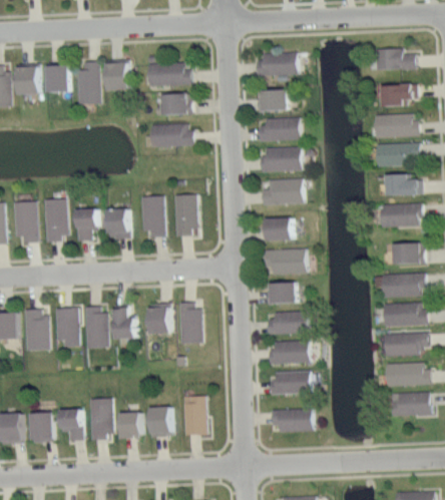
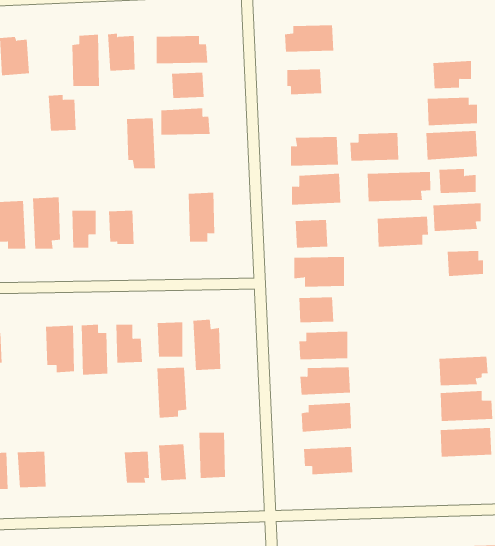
building: [374,46,415,70] -> none
building: [44,61,68,92] -> [48,94,76,131]
building: [258,116,300,140] -> [349,133,399,161]
building: none -> [367,171,431,202]
building: [139,194,164,237] -> [126,118,156,169]
building: [381,272,425,298] -> [377,216,429,247]
building: [383,302,427,326] -> none
building: [22,308,48,350] -> none
building: [87,397,113,440] -> [156,367,187,418]
building: [60,409,83,441] -> none

